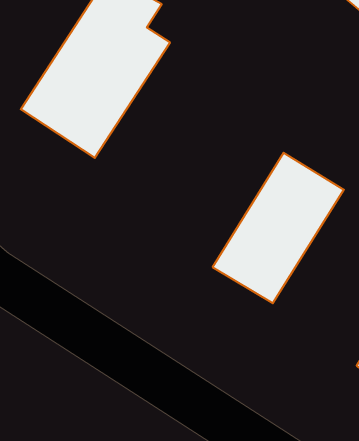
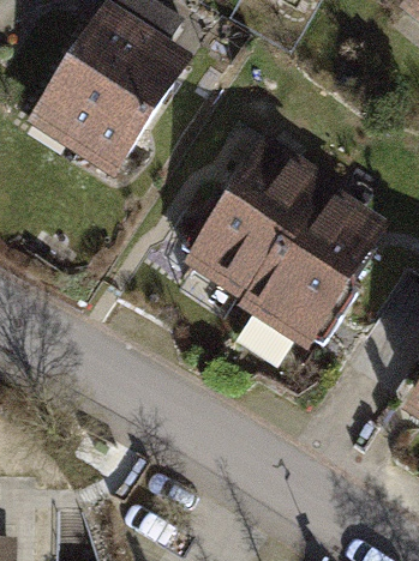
building: none -> [175,138,323,308]

